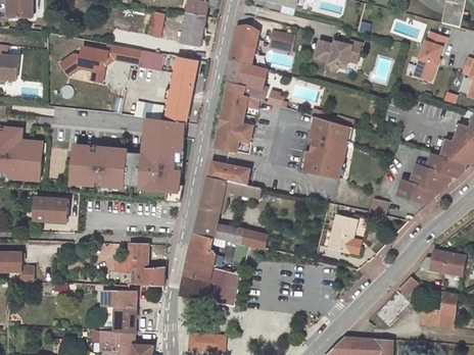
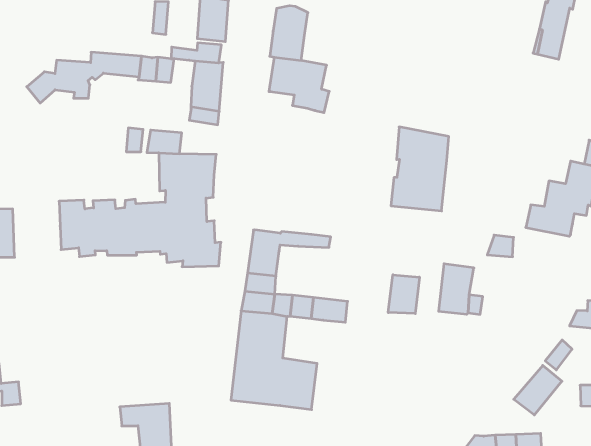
building: [269,30,295,52] -> none
building: [317,41,363,72] -> none
building: [214,84,257,153] -> none
building: [167,98,189,122] -> none
building: [207,163,248,186] -> none
building: [34,198,66,221] -> none
building: none -> [388,275,419,314]
building: [113,244,163,286] -> none

